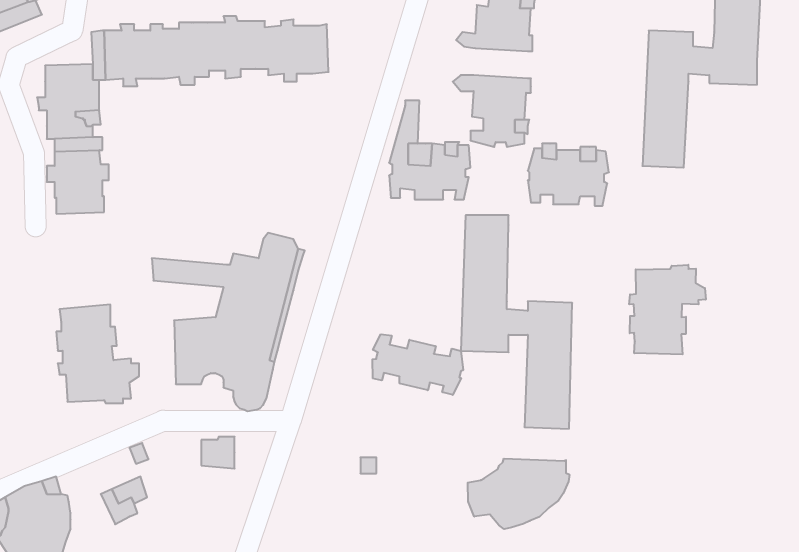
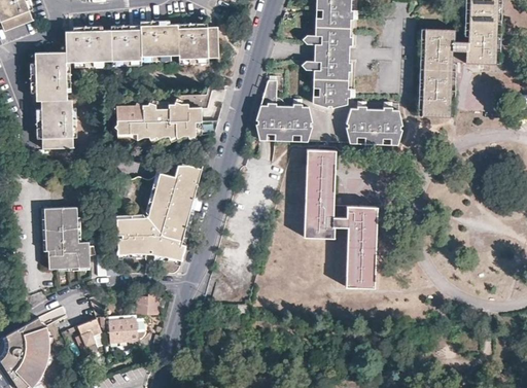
building: none -> [312,42,347,62]
building: none -> [113,103,200,141]
building: [629,265,706,354] -> none
building: [372,334,463,395] -> none
building: [468,459,569,529] -> none
building: none -> [101,316,140,342]

